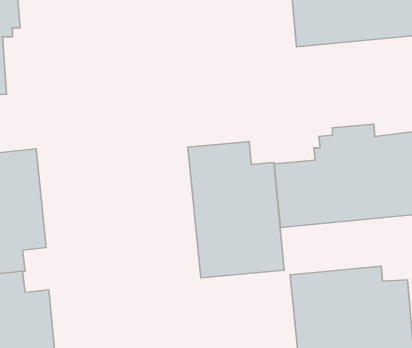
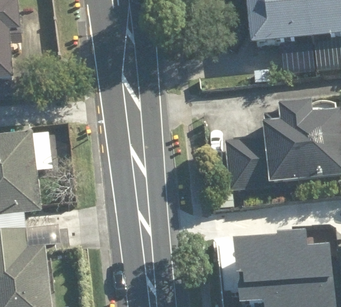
building: [188,141,284,278] -> none

